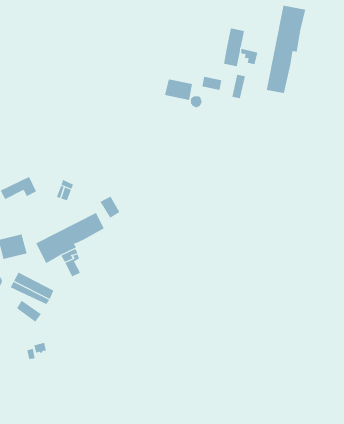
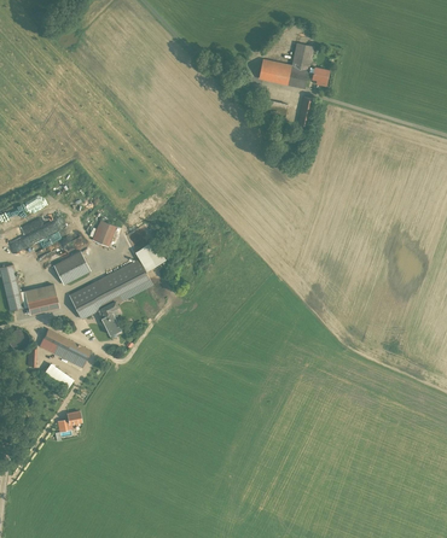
building: [266,5,306,94] -> none
building: [164,79,193,100] -> [256,60,290,86]
building: none -> [52,252,88,285]

